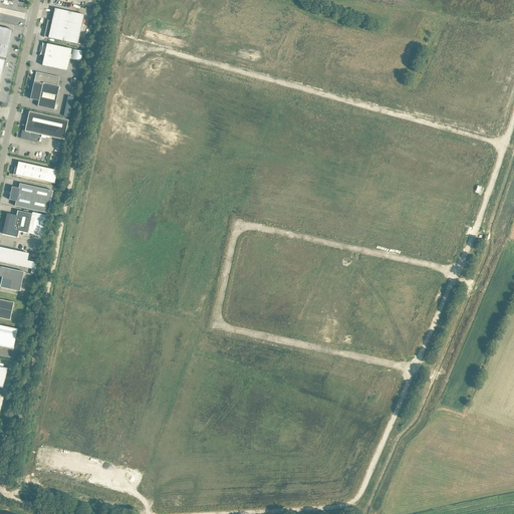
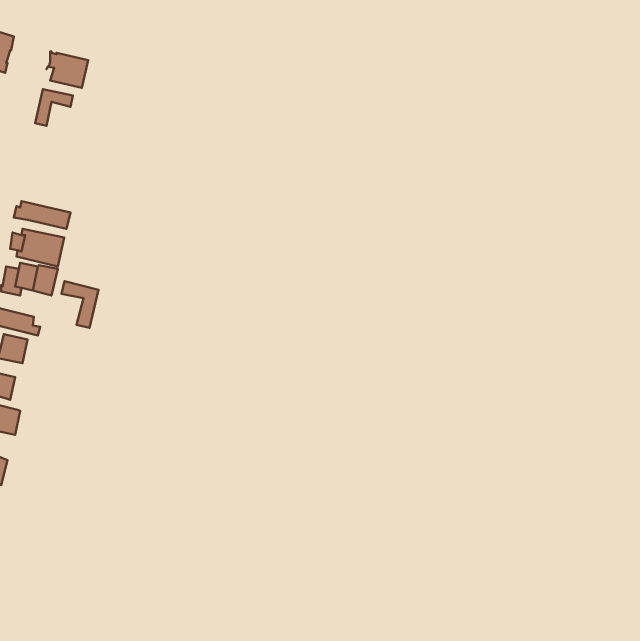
building: [42,7,82,43] -> none
building: [36,81,58,109] -> none
building: [19,110,67,141] -> none
building: none -> [62,281,99,328]

